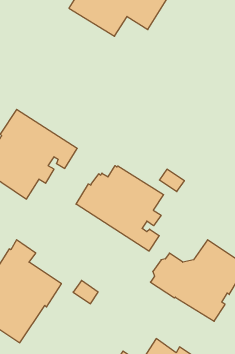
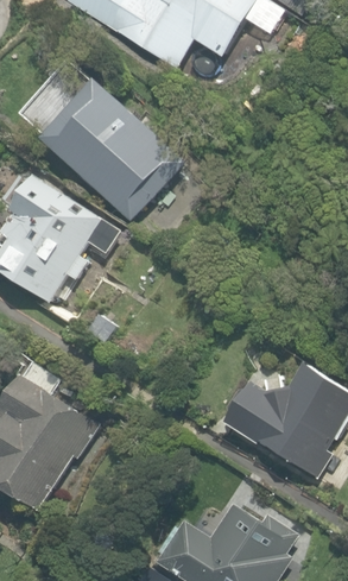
building: none -> [38,78,182,221]
building: [76,166,164,251] -> none

